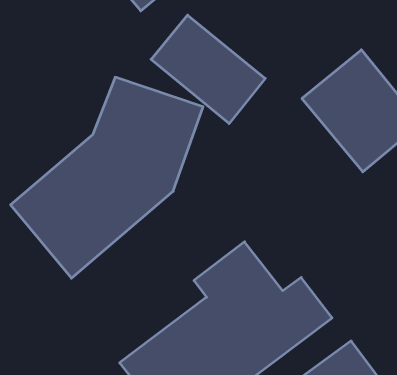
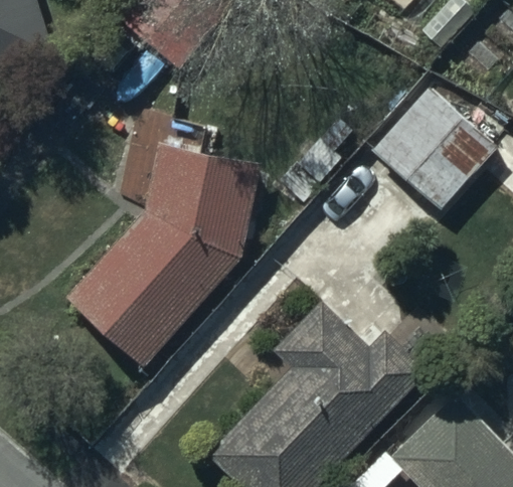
building: [151,15,265,124] -> none

